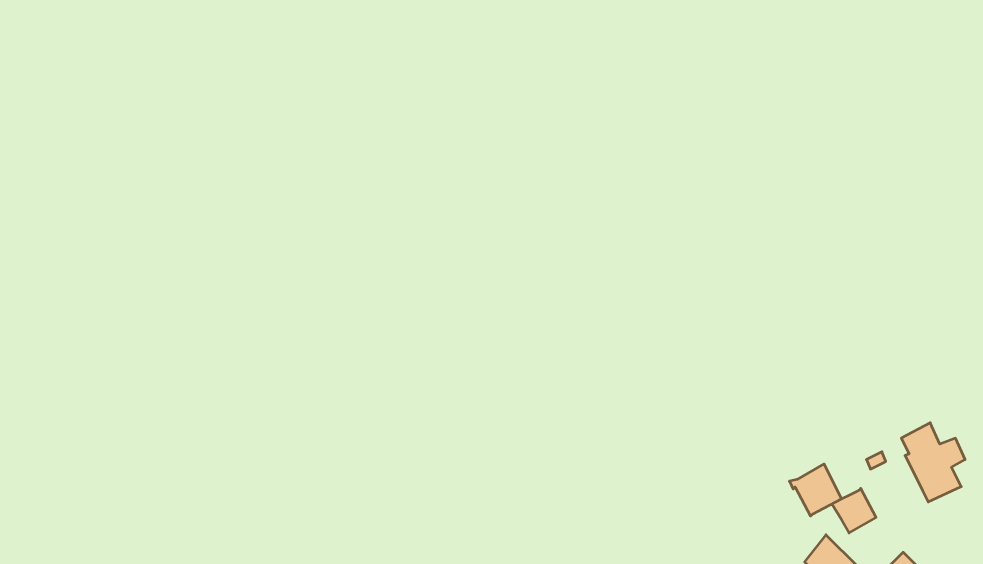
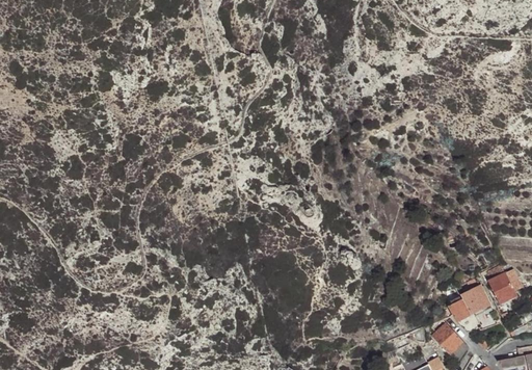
building: [789,464,842,516] -> [460,286,488,314]

